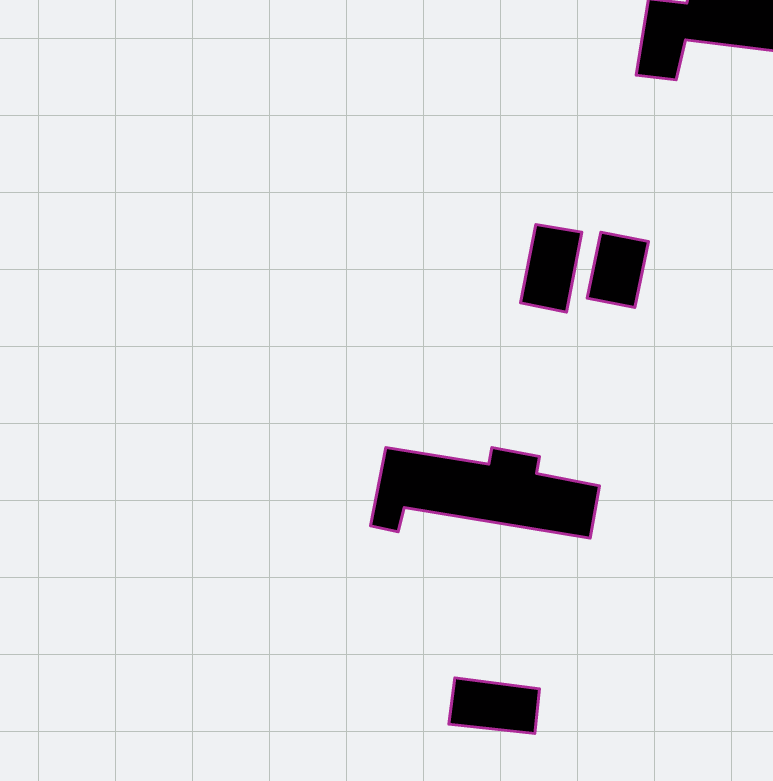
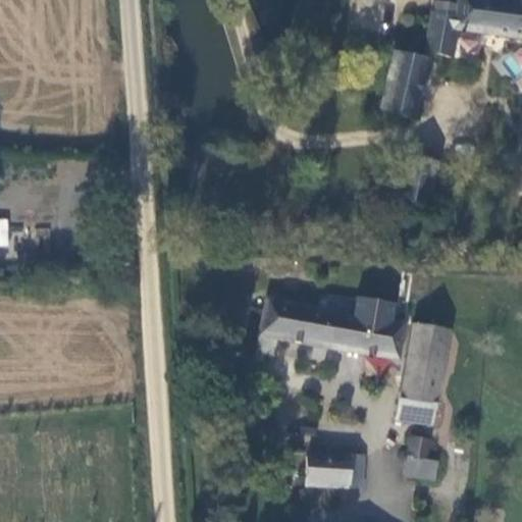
building: [520,224,582,312] -> [394,53,434,111]
building: none -> [396,324,449,425]
building: none -> [405,436,439,480]

